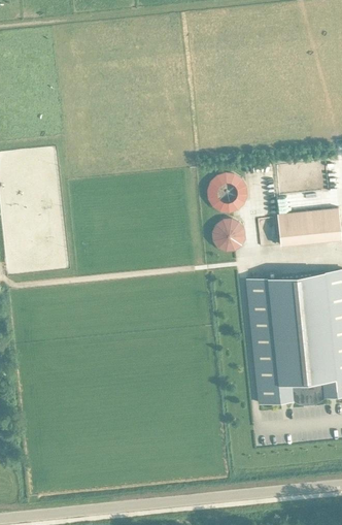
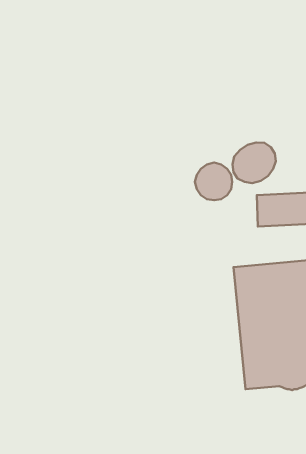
building: none -> [232,143,276,183]
building: [213,220,245,252] -> none

